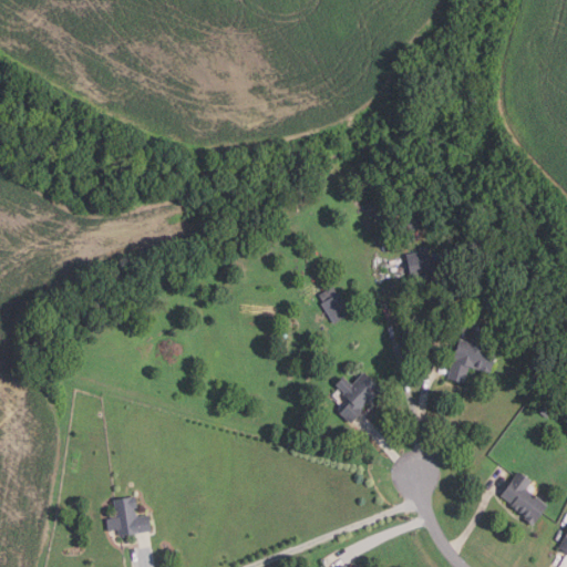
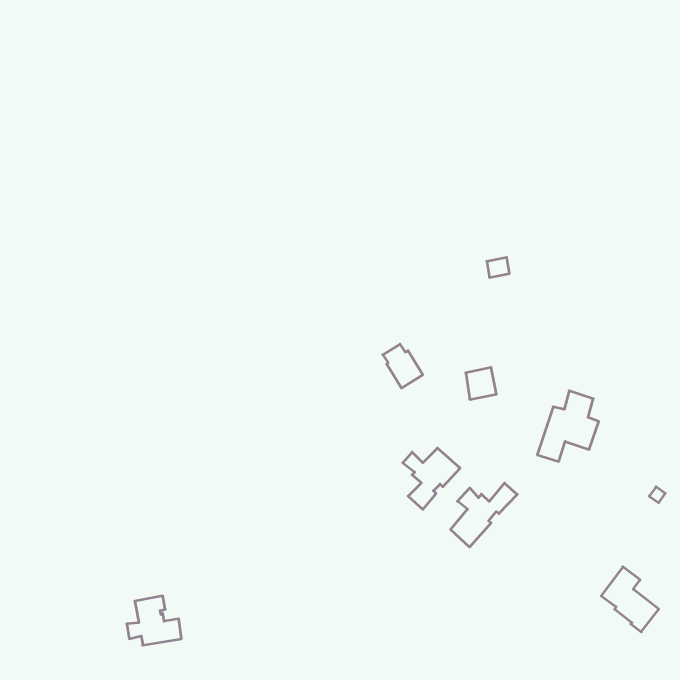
building: [406,250,432,277] -> [466,367,496,399]
building: none -> [451,483,517,547]

